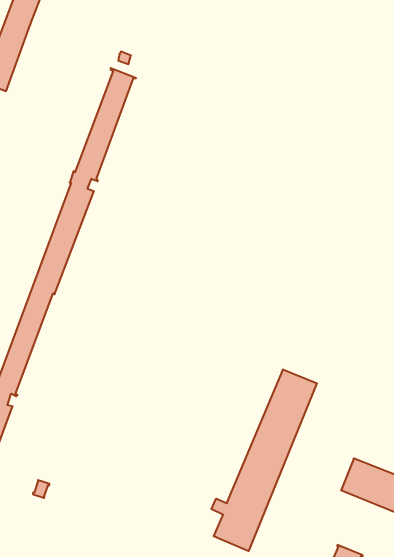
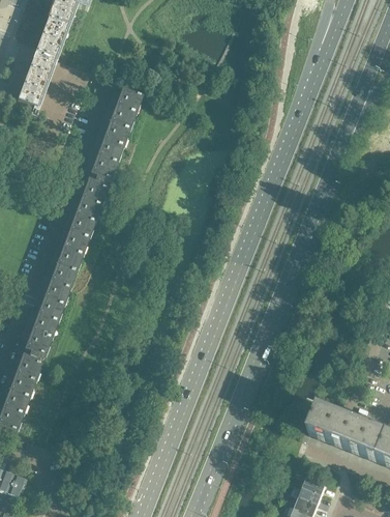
building: [212,369,317,551] -> none

